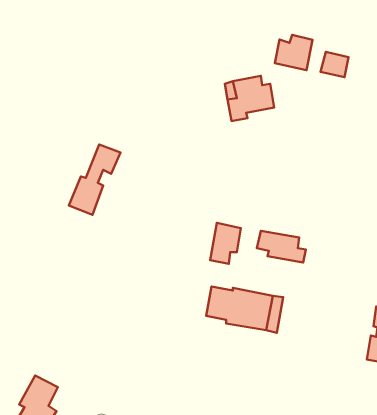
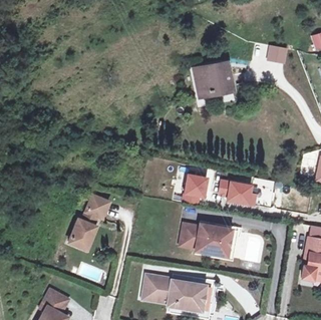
building: [275,35,312,70] -> none
building: [69,145,120,215] -> [68,196,107,249]
building: none -> [148,279,212,310]

